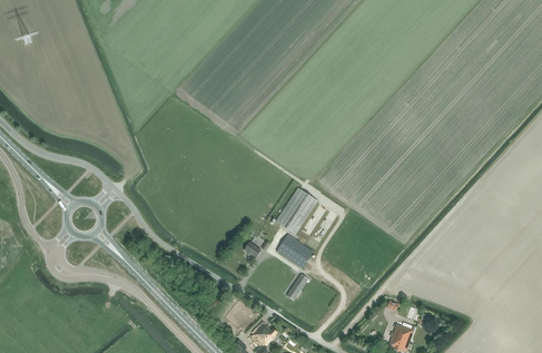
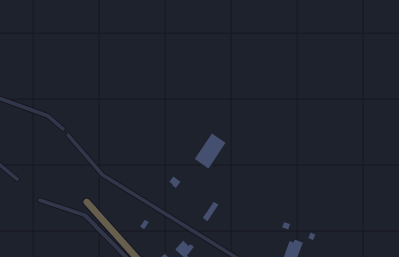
building: [276,235,313,268] -> none

